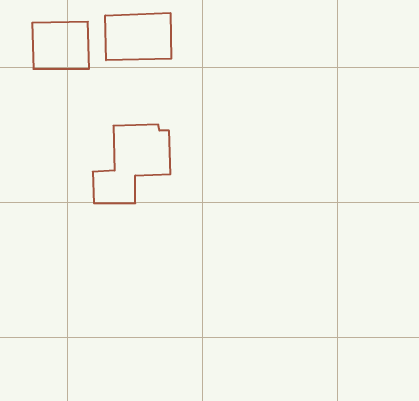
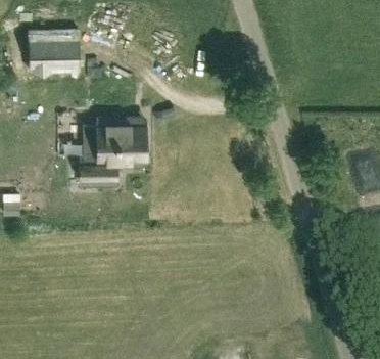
building: [105,13,171,60] -> none

